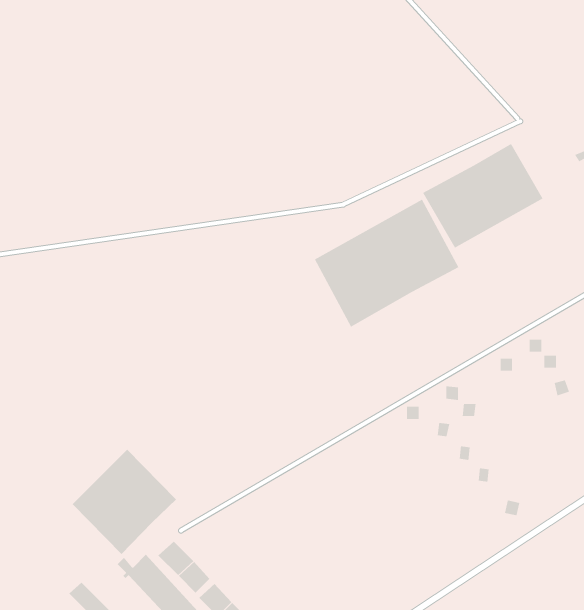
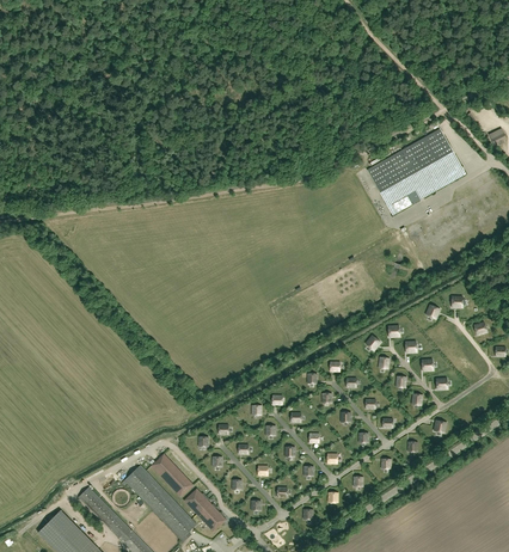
building: [314,199,459,328] -> none
building: [72,449,177,555] -> none

